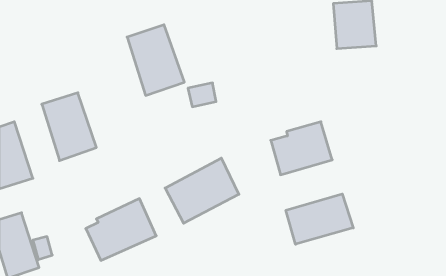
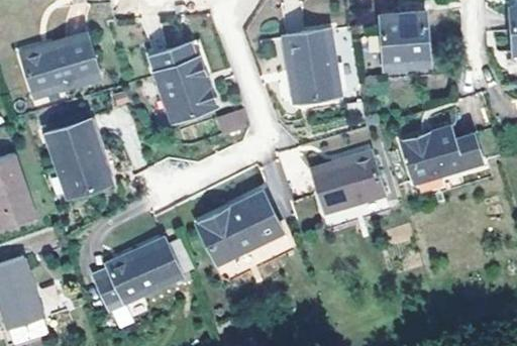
building: none -> [21,29,99,93]
building: none -> [284,32,337,107]
building: none -> [402,128,482,185]
building: [286,194,353,244] -> none

